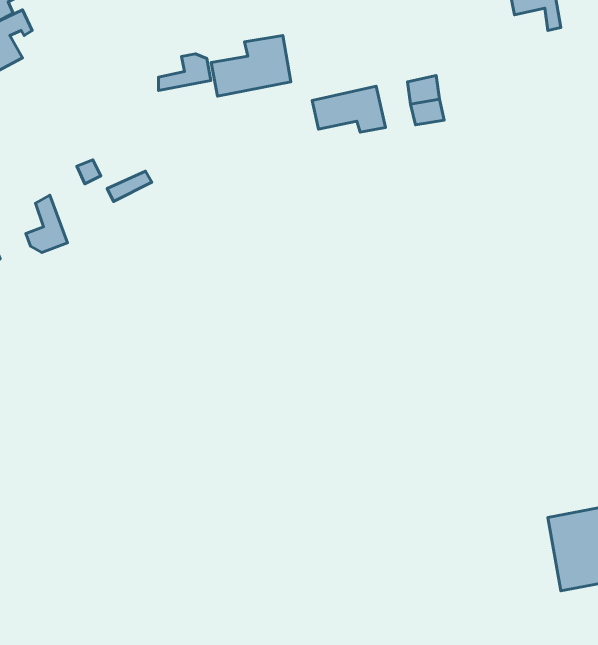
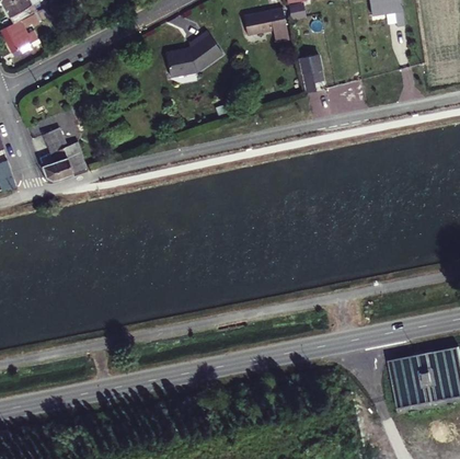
building: [158,54,211,91] -> none
building: [312,86,386,132] -> [243,10,294,42]
building: none -> [39,126,83,172]

